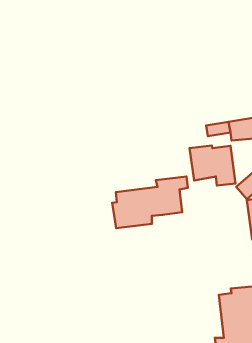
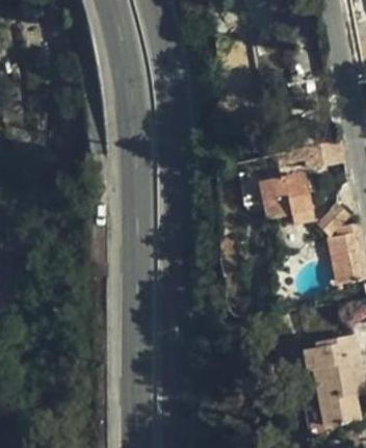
building: [112,177,188,228] -> none

